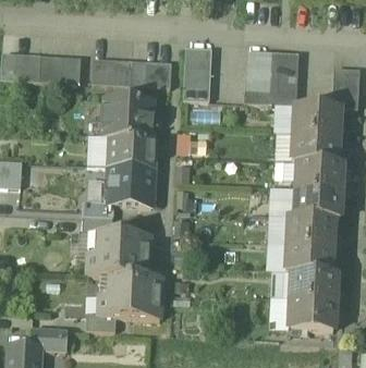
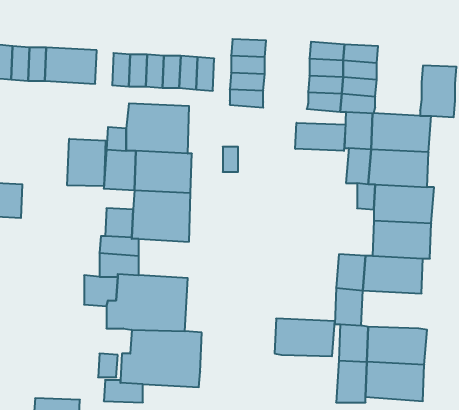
building: none -> [295,123,345,151]
building: none -> [67,139,106,186]
building: [269,187,296,217] -> none
building: [286,244,333,273] -> [275,319,335,356]

